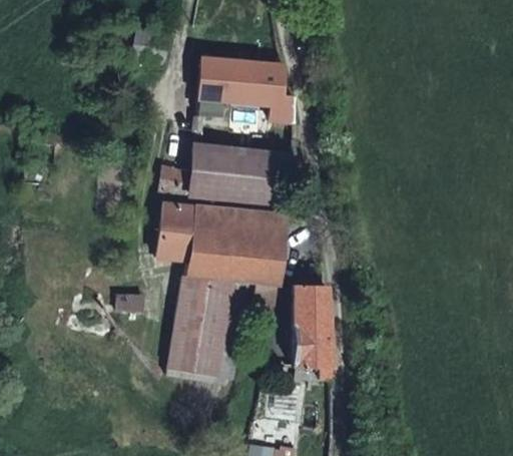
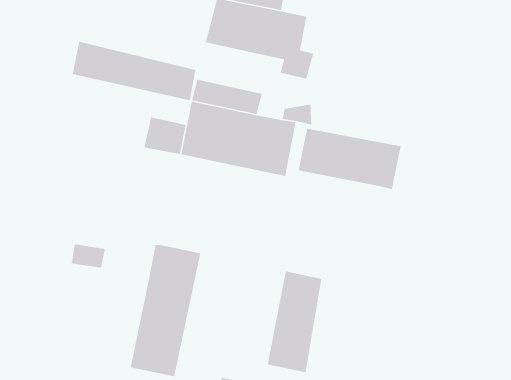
building: none -> [72,41,196,101]
building: none -> [298,128,401,190]
building: [154,210,287,287] -> none

